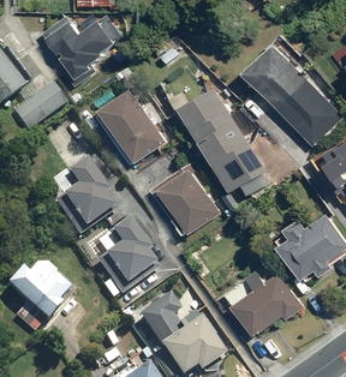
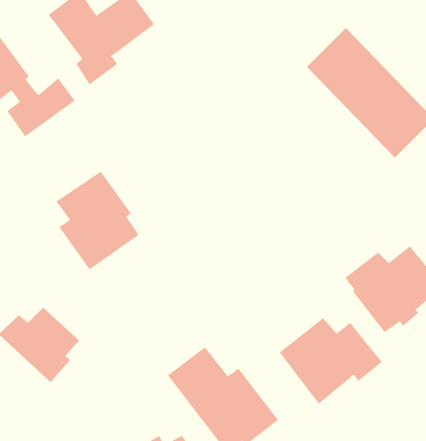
building: [166,86,270,197] -> none
building: [97,90,167,166] -> none
building: [156,168,221,237] -> none
building: [91,215,154,294] -> none

